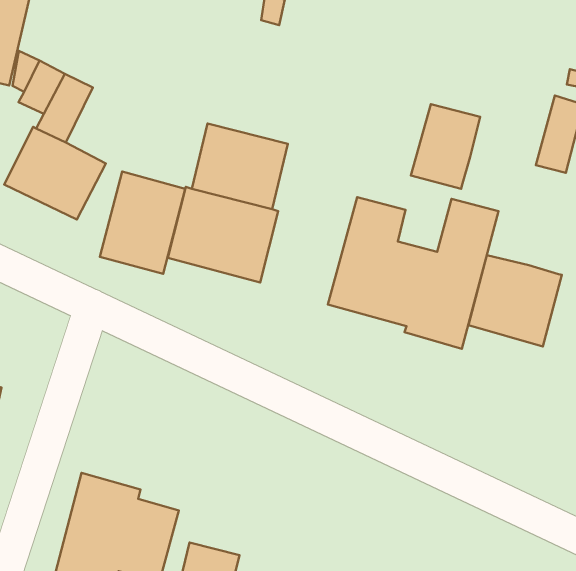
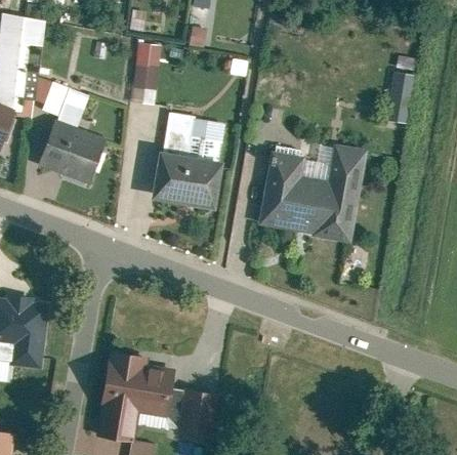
building: none -> [133,55,159,104]
building: [411,104,480,189] -> none
building: [100,172,185,274] -> none
building: [469,255,562,347] -> none

